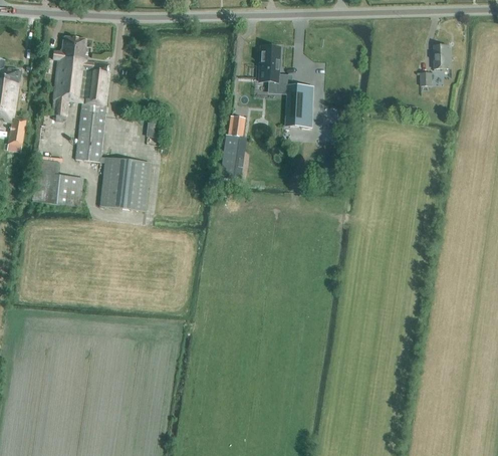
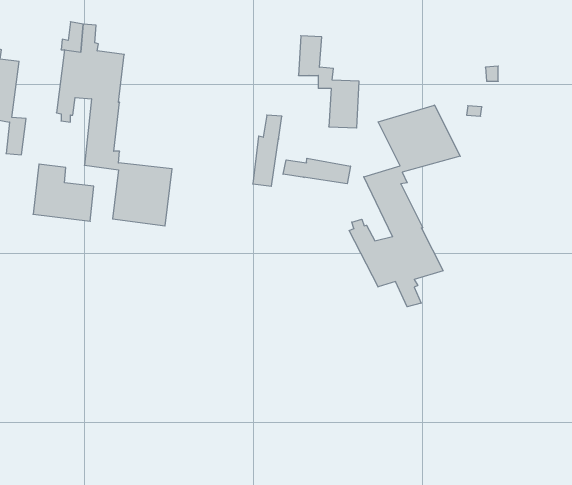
building: [435,45,452,68] -> none
building: none -> [349,105,460,307]
building: none -> [283,158,350,184]

